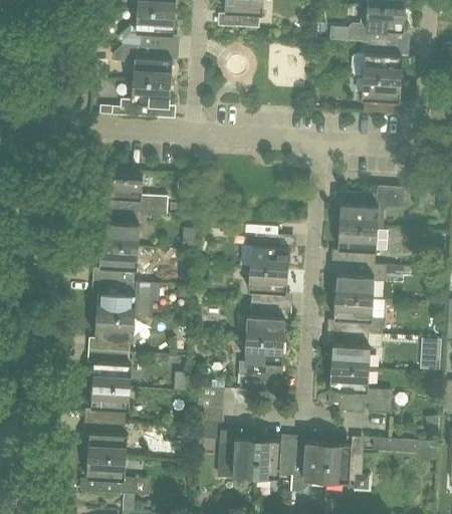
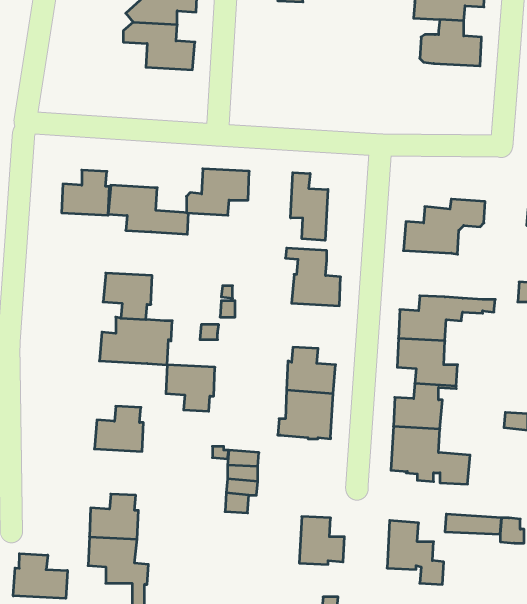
building: [362,76,401,113] -> none
building: [121,79,171,116] -> [186,169,249,215]
building: none -> [291,173,328,240]
building: [101,210,140,246] -> [62,170,109,215]
building: [338,226,389,263] -> none
building: [249,268,288,304] -> none
building: [95,314,135,351] -> [166,365,215,411]
building: [91,384,131,422] -> none
building: [218,431,258,476] -> none
building: [290,441,328,491] -> none
building: none -> [13,554,67,598]

